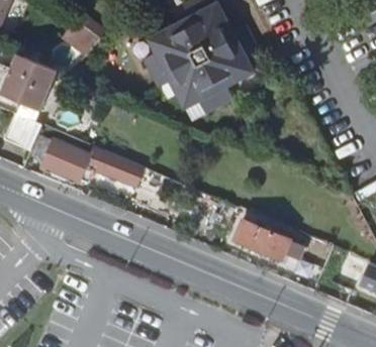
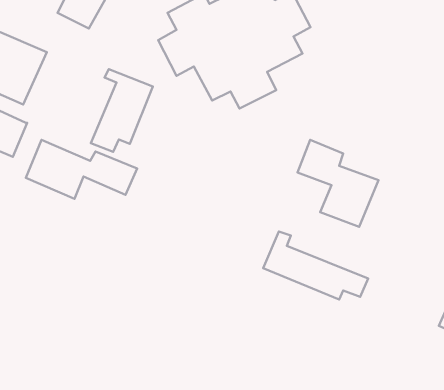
building: none -> [91,69,153,152]
building: none -> [297,140,378,227]

